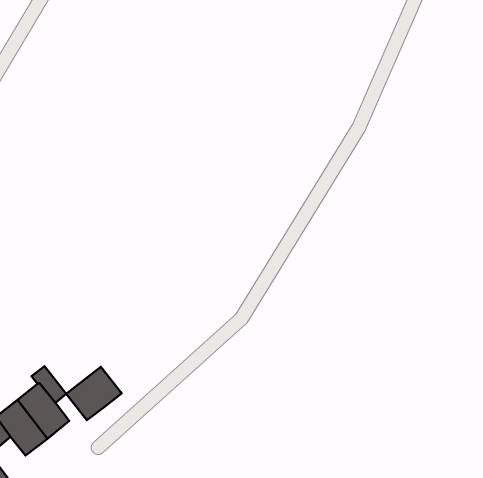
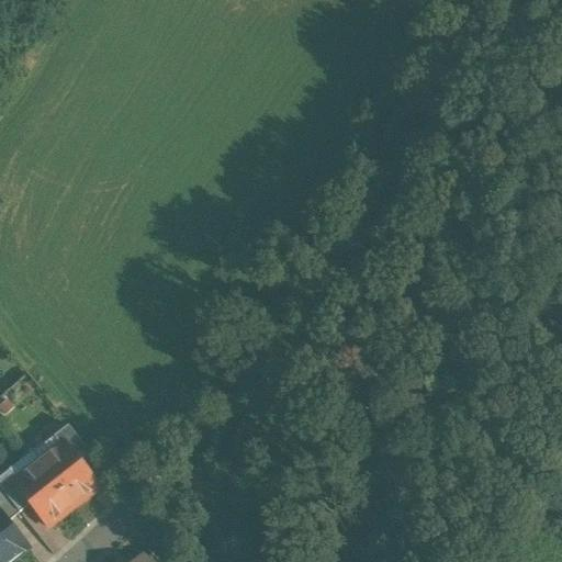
building: [66,367,121,420] -> none

